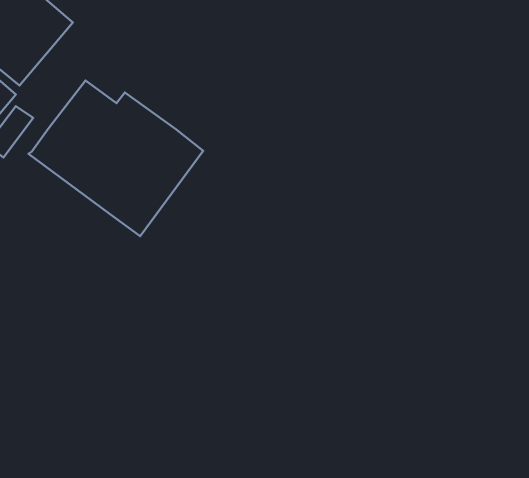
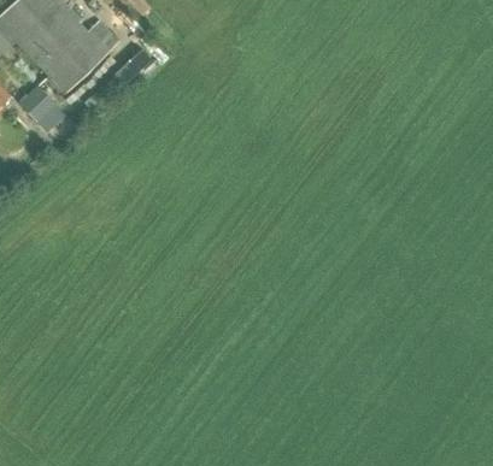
building: [29,80,203,236] -> none

